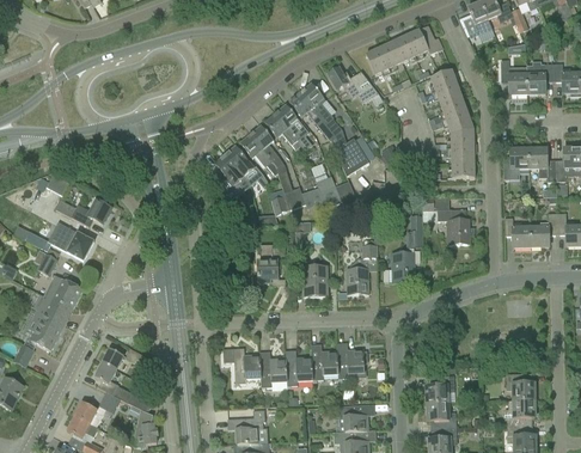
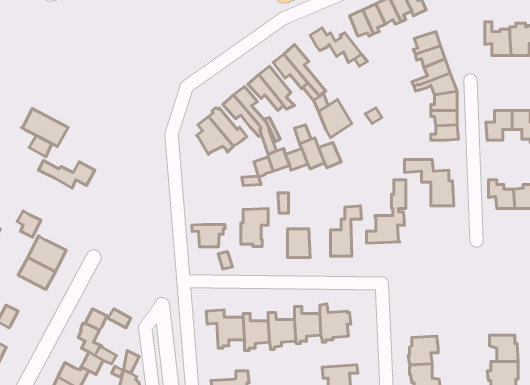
building: [47,221,93,259] -> [22,108,68,147]
building: none -> [192,225,225,247]
building: [27,313,62,350] -> none

